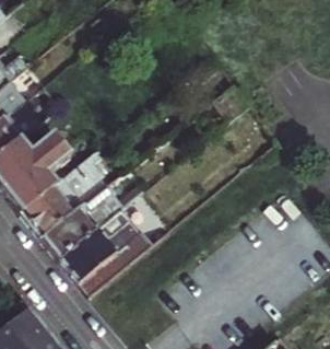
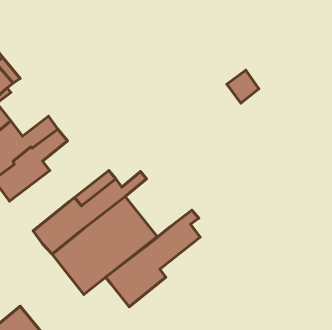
building: [20,148,107,237] -> [106,210,200,307]

